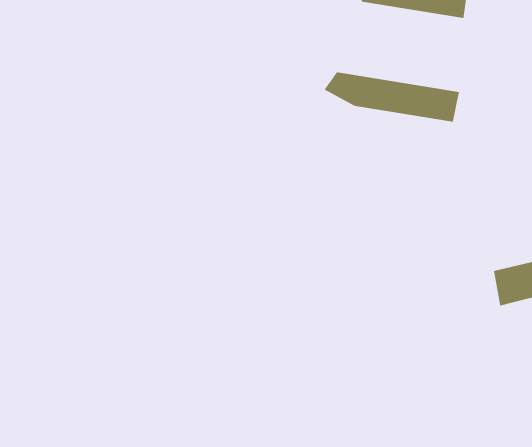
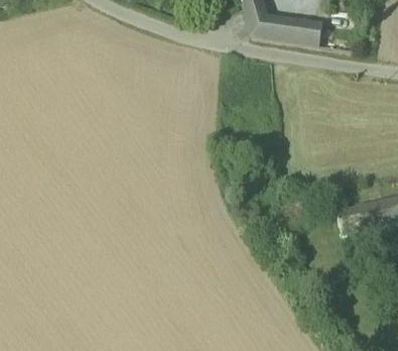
building: [324,71,459,123] -> none

